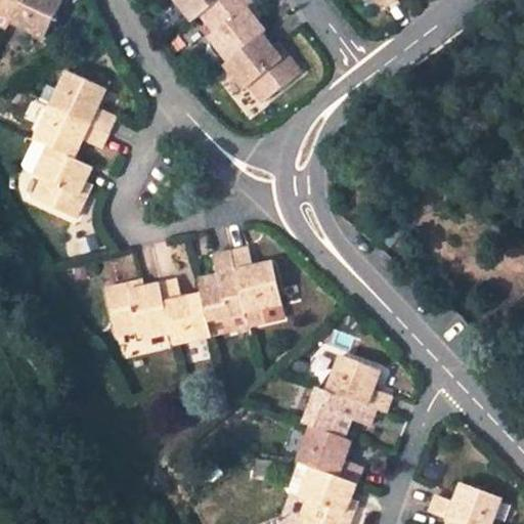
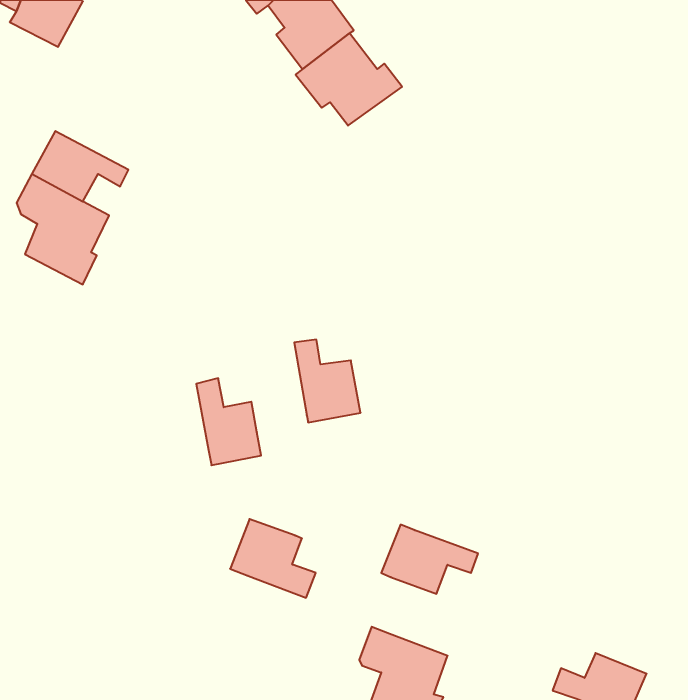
building: [54,67,117,130] -> none
building: [196,258,242,324] -> none
building: [104,287,168,344] -> none
building: [320,359,385,420] -> none
building: [289,432,352,490] -> [230,519,316,598]

